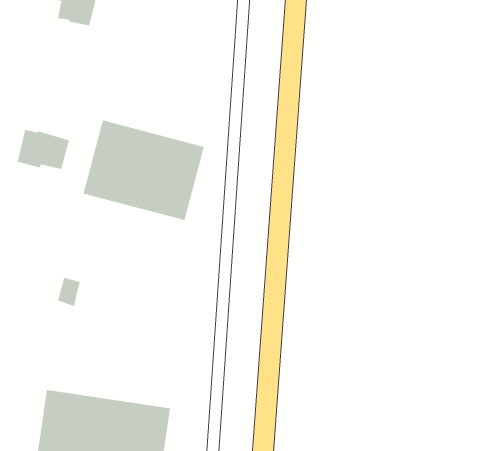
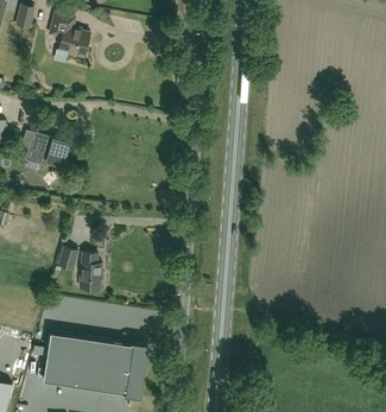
building: [83,120,205,221] -> none
building: none -> [80,254,105,292]

